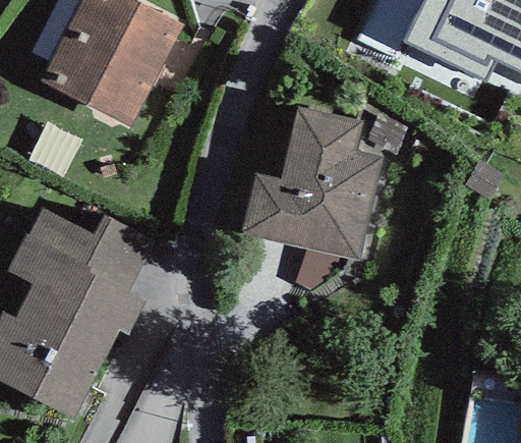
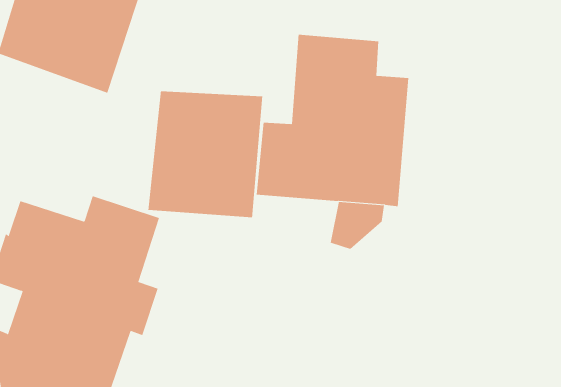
building: none -> [148,91,263,218]

